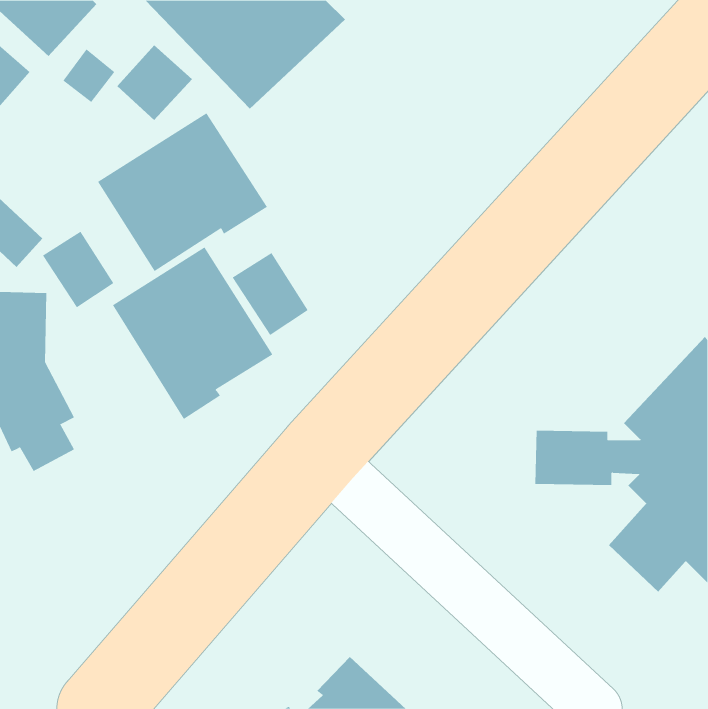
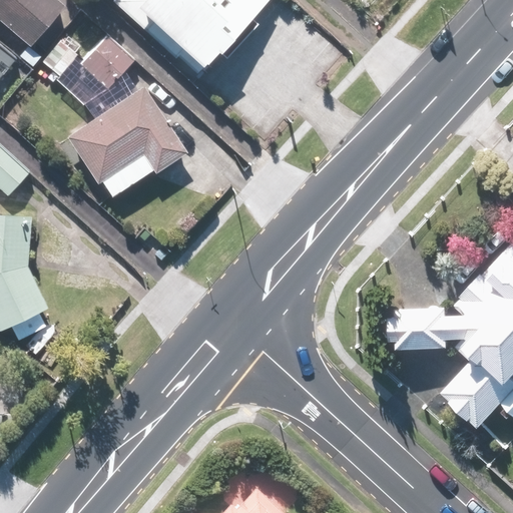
building: [42,231,114,308] -> none
building: [112,247,273,420] -> none
building: [232,252,308,336] -> none

